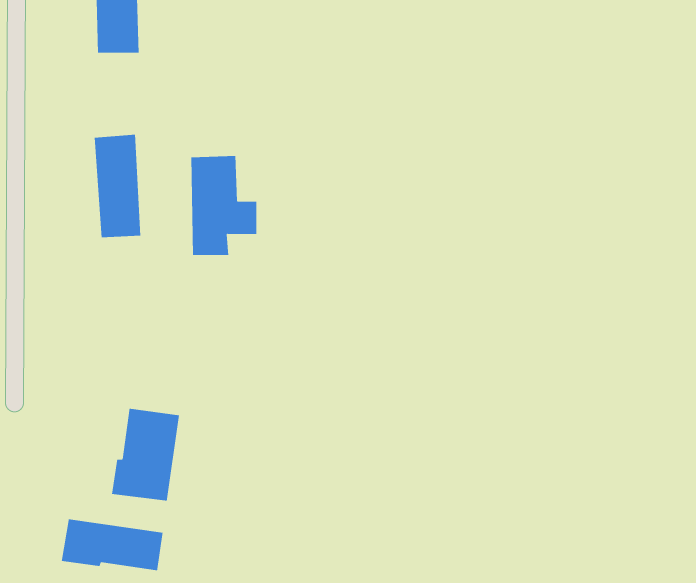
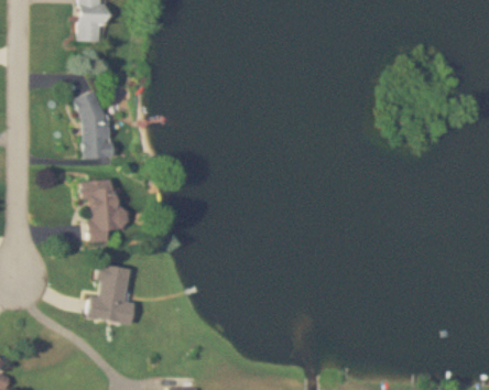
building: [190,155,257,255] -> [84,181,126,243]
building: [61,519,163,571] -> none

